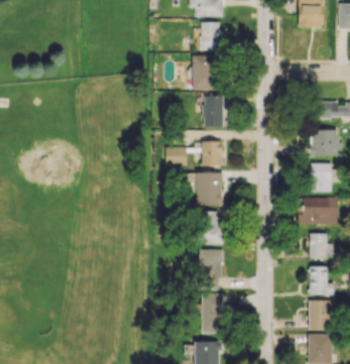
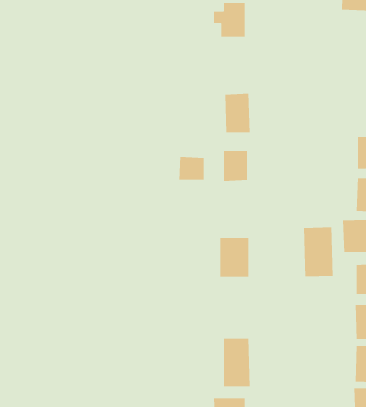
building: [192,54,216,90] -> none
building: [197,172,223,205] -> none
building: none -> [304,227,333,277]
building: [200,249,224,288] -> none

